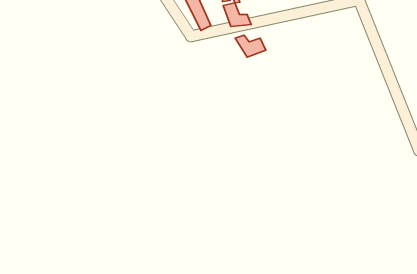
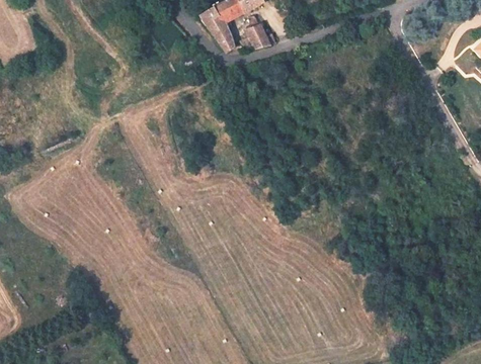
building: [235,35,266,57] -> none

